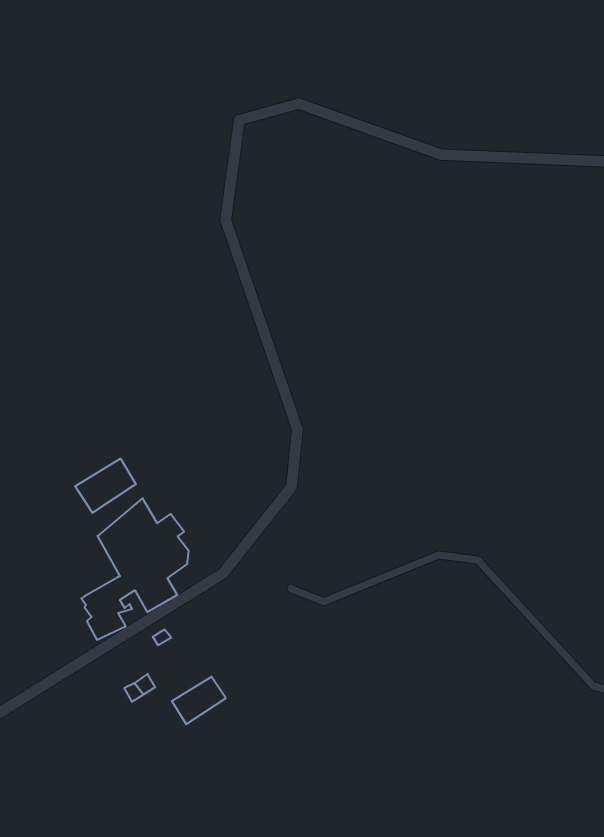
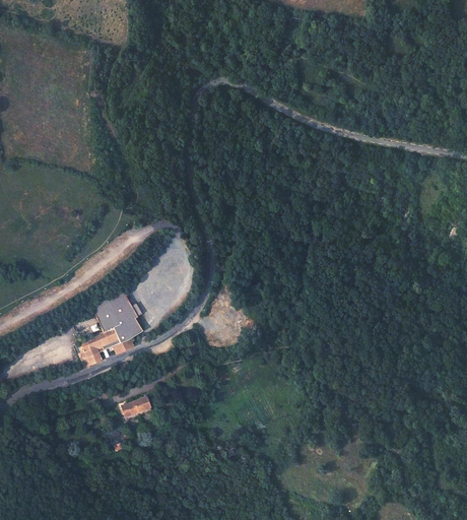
building: [75,459,136,513] -> none

